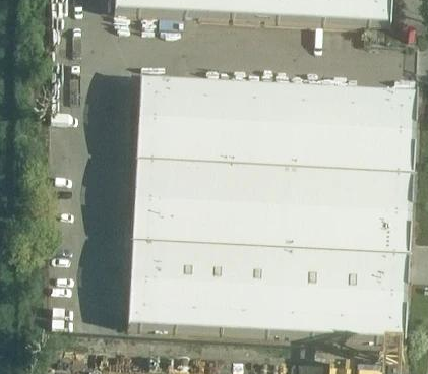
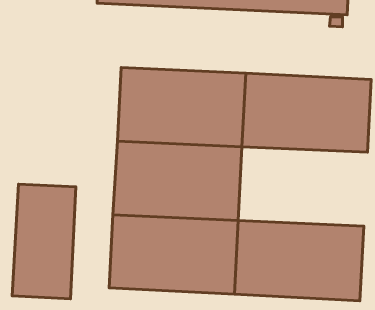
building: [269,165,412,252] -> none
building: none -> [12,184,76,299]

